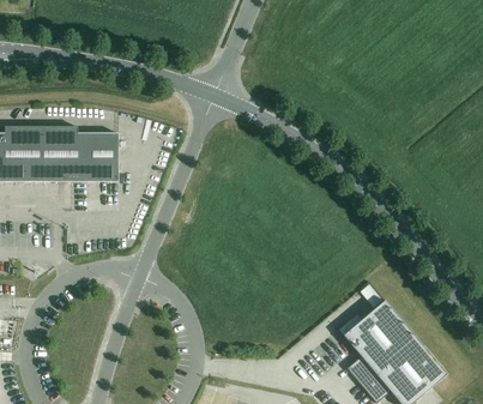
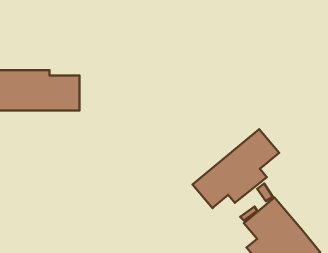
building: none -> [193,129,279,208]

